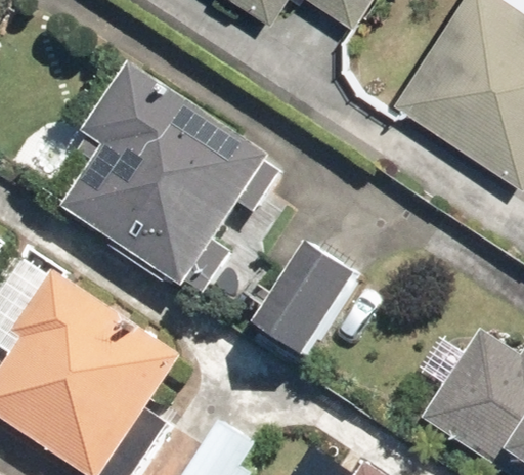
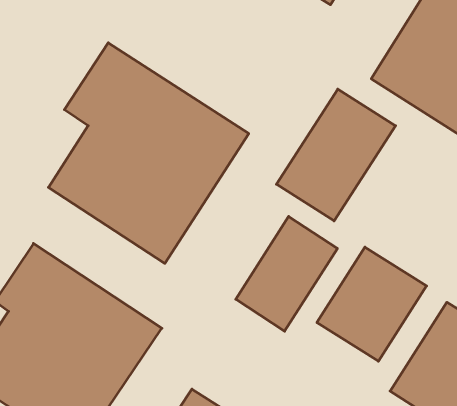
building: none -> [276,89,396,221]
building: none -> [317,247,427,361]

